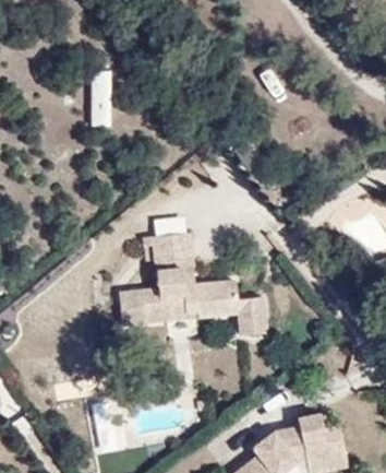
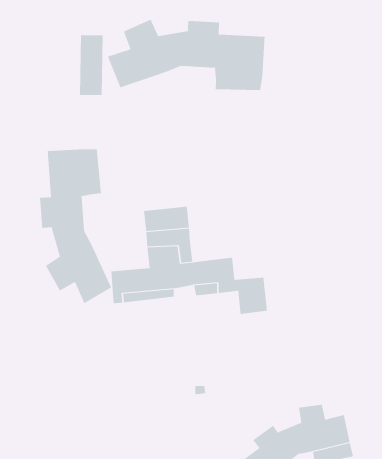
building: none -> [107,19,265,91]
building: none -> [39,148,112,304]

